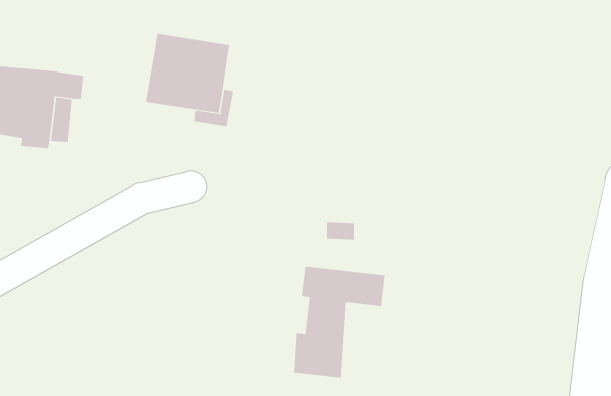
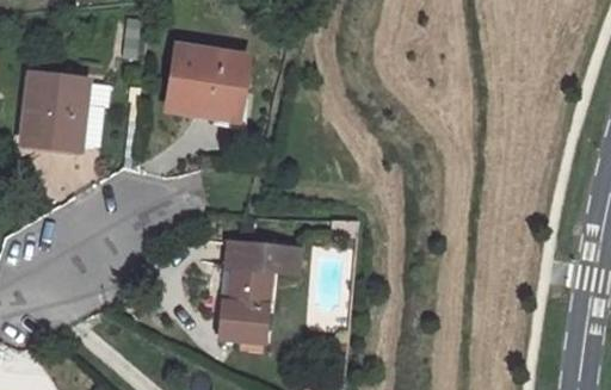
building: [293,266,386,378] -> [217,239,302,341]

